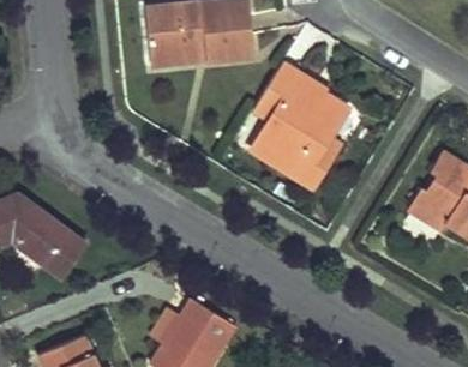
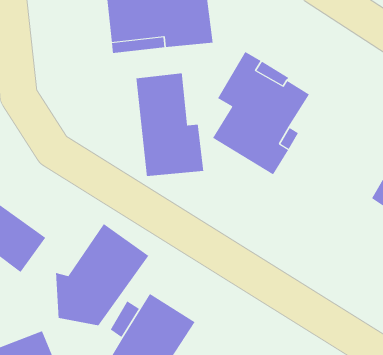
building: none -> [136,72,204,177]
building: none -> [55,223,149,326]

